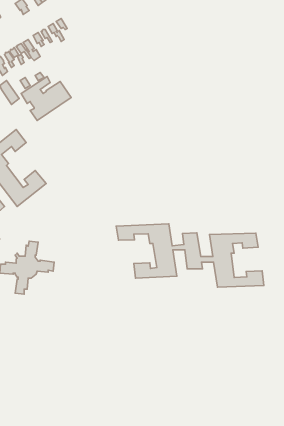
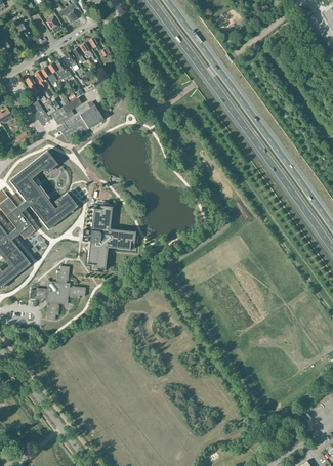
building: none -> [87,205,135,269]
building: [116,224,264,287] -> none

